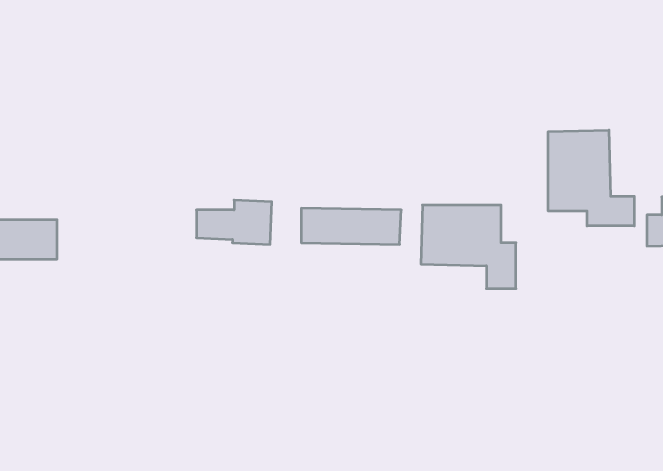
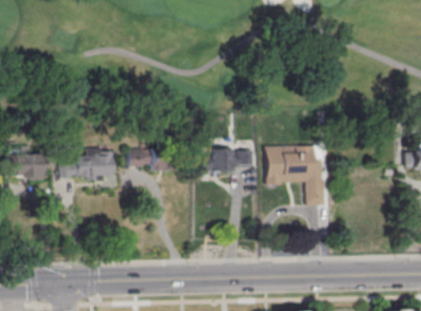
building: [548,130,634,226] -> none
building: none -> [61,148,114,179]

